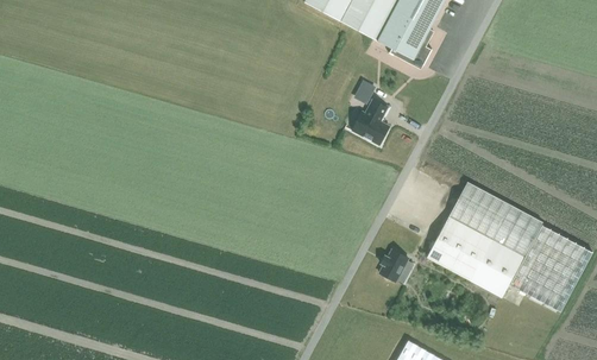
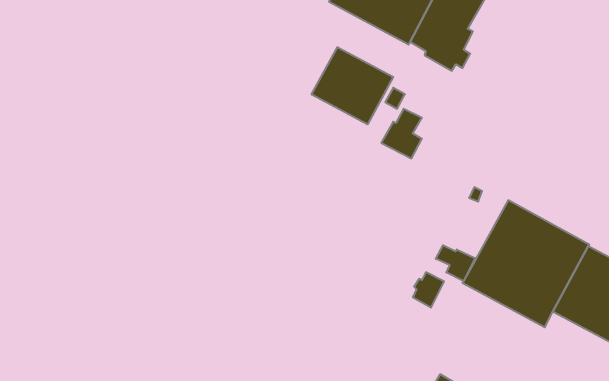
building: none -> [312,47,393,124]
building: none -> [436,245,475,281]

